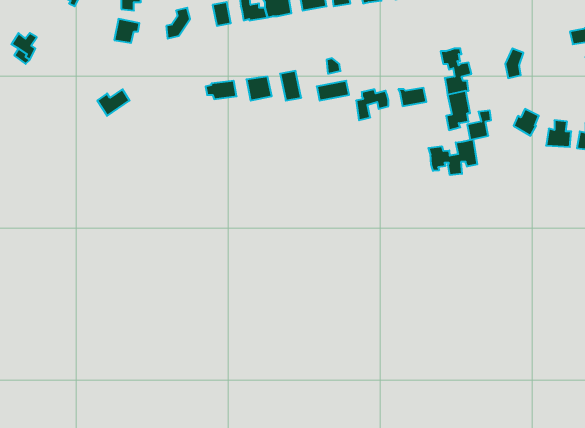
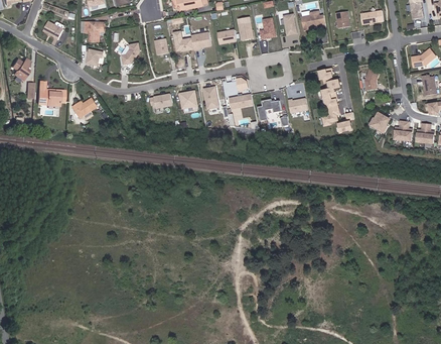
building: none -> [37,81,63,106]
building: [428,139,477,175] -> none

